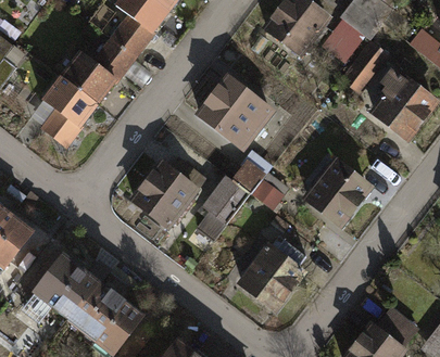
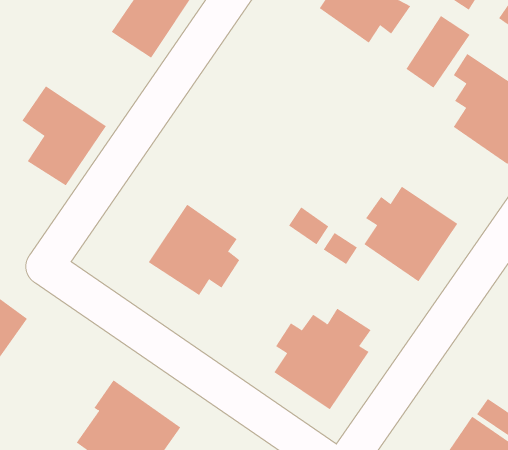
building: [68,33,146,100] -> none
building: [204,68,271,135] -> none
building: [214,178,256,222] -> none
building: [29,246,105,324] -> none

